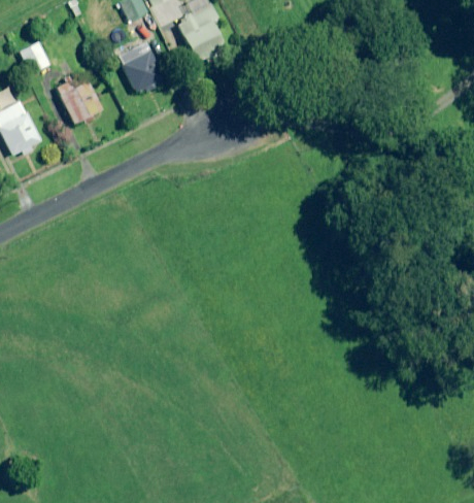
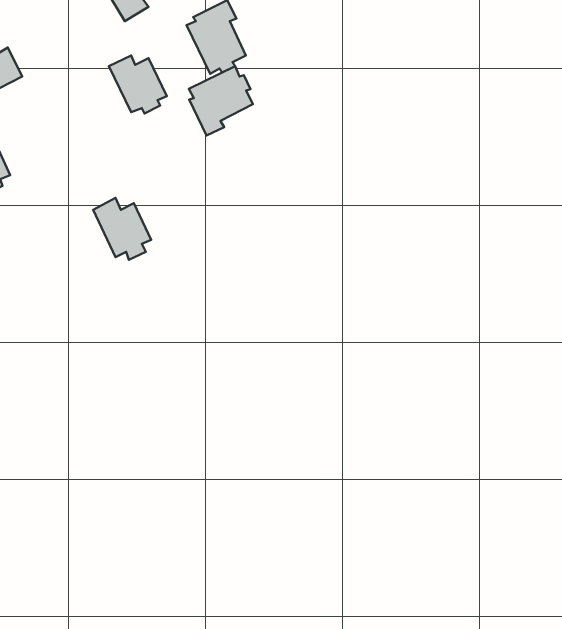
building: none -> [189,66,253,136]
building: [56,75,101,124] -> [93,198,151,260]

